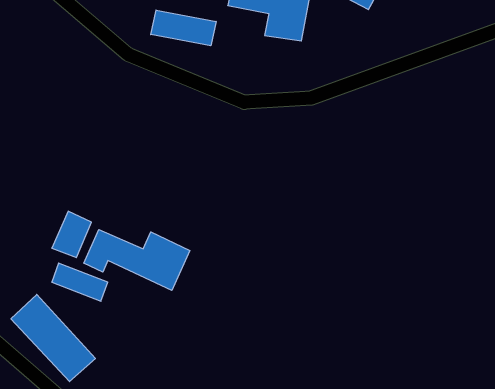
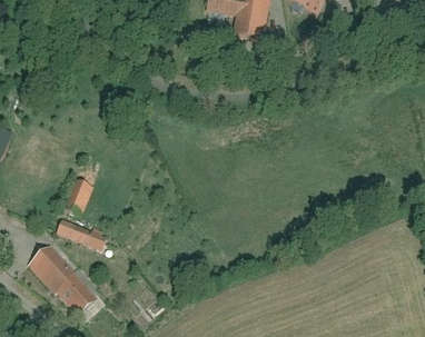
building: [151,10,216,46] -> none
building: [84,230,190,290] -> none

